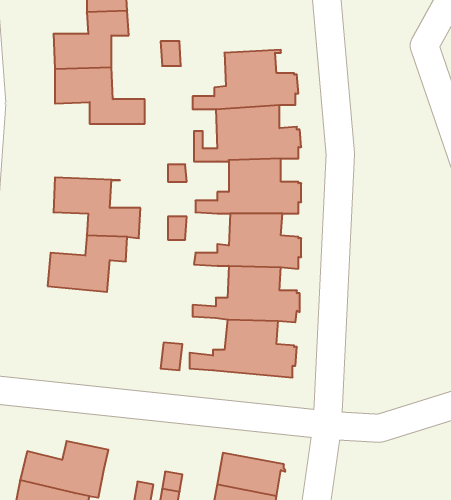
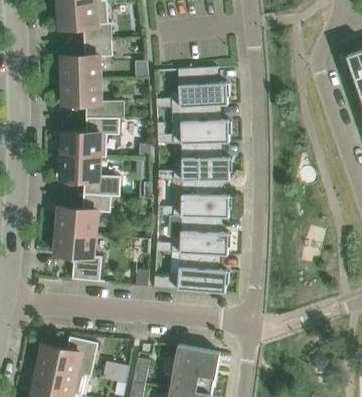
building: none -> [60,118,118,157]
building: none -> [53,230,103,282]

